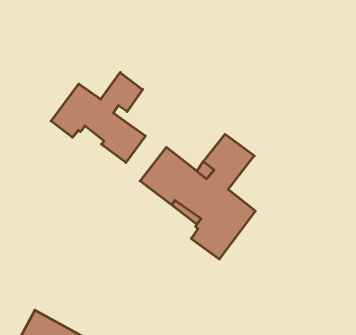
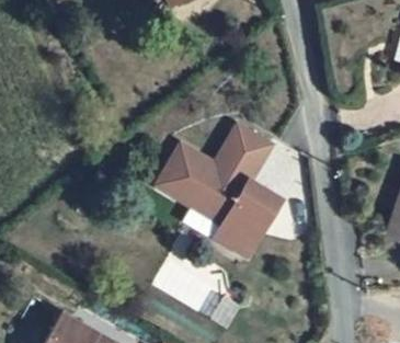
building: [51,72,145,163] -> none

